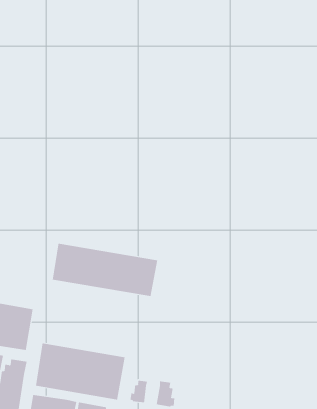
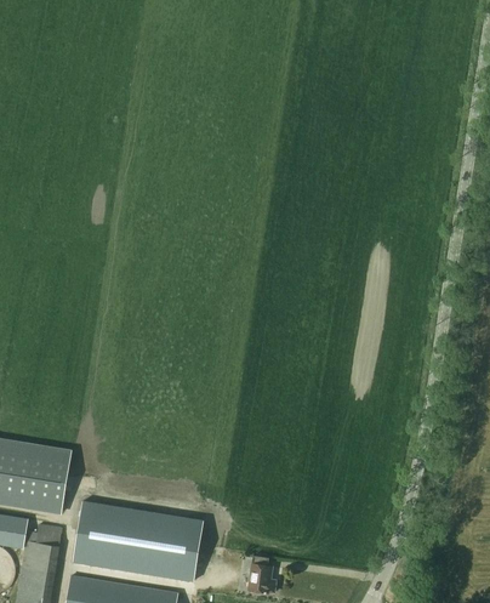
building: [52,243,158,297] -> none
building: [130,380,148,403] -> none

